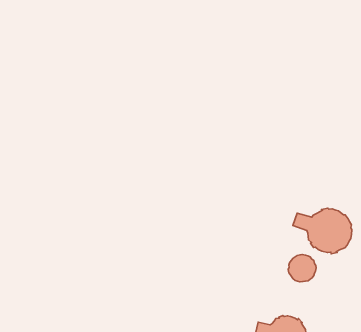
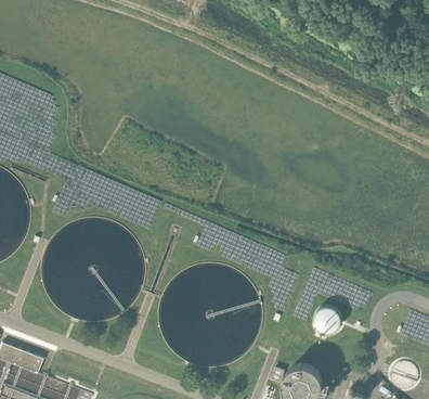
building: [293,208,352,254] -> none

